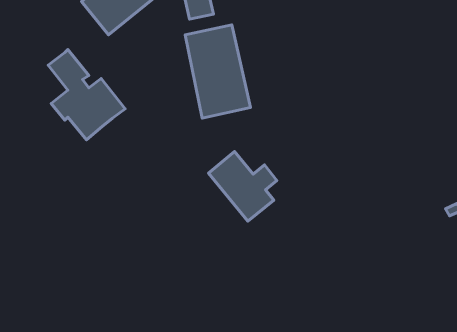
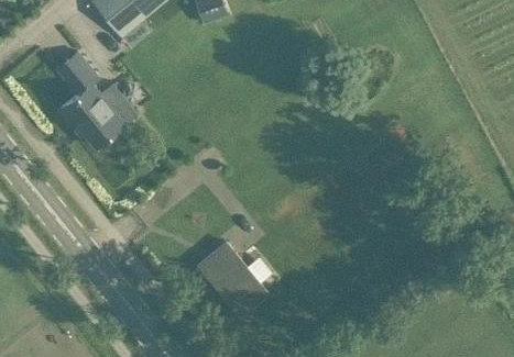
building: [185,25,250,118] -> none
building: [208,151,277,221] -> [197,243,270,316]

